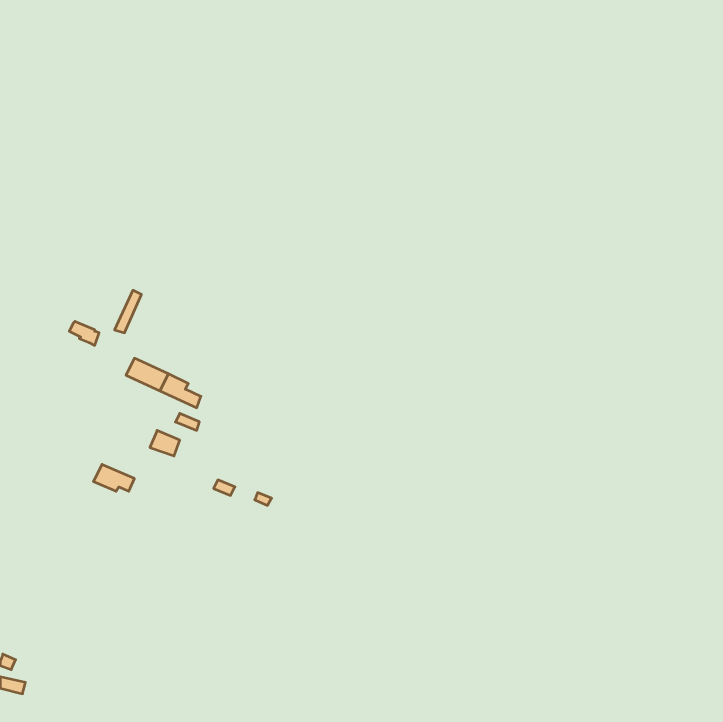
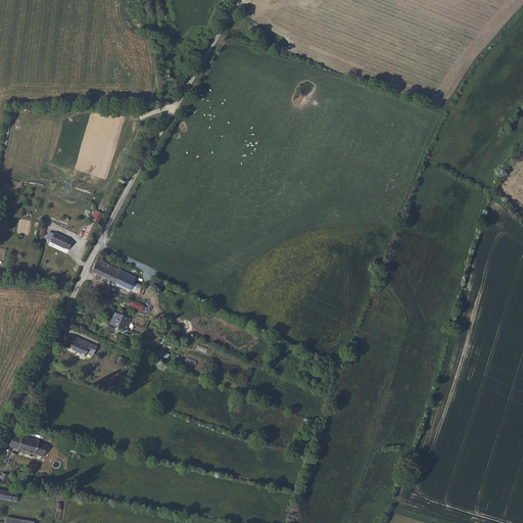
building: none -> [9,434,47,456]

